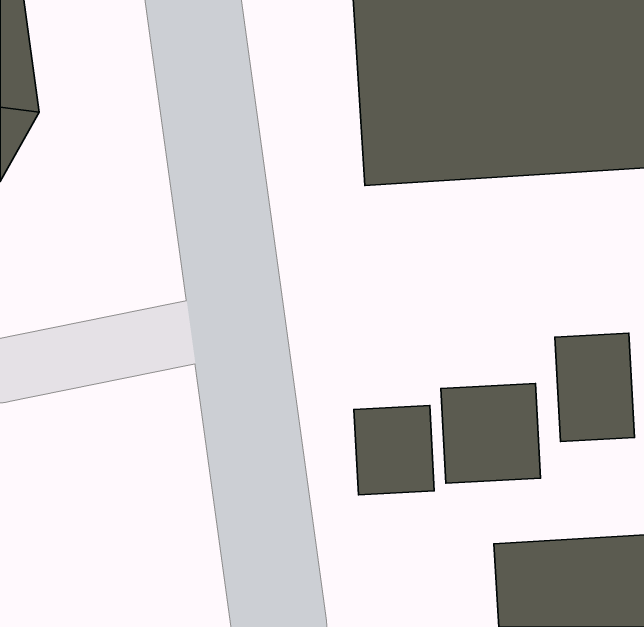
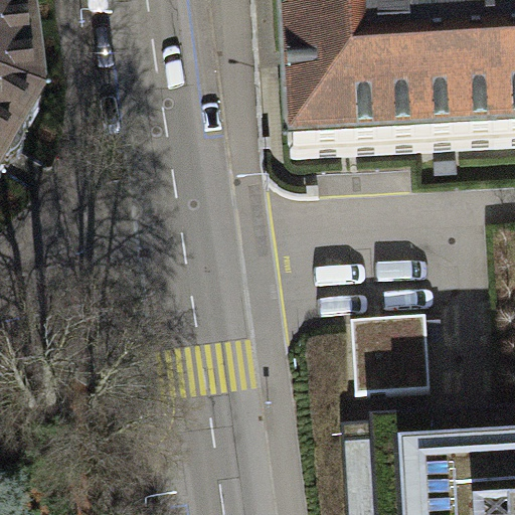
building: [555,333,634,442] -> none
building: [354,405,434,495] -> none

